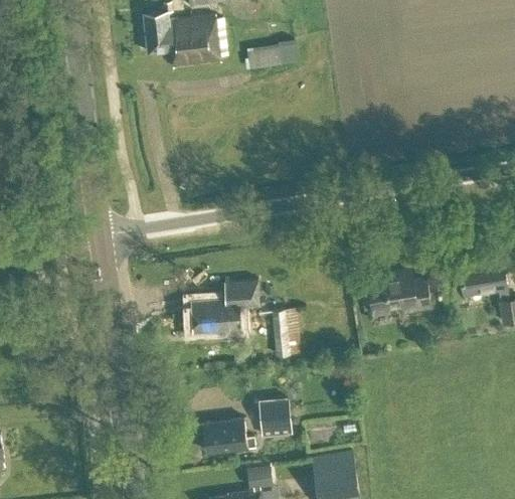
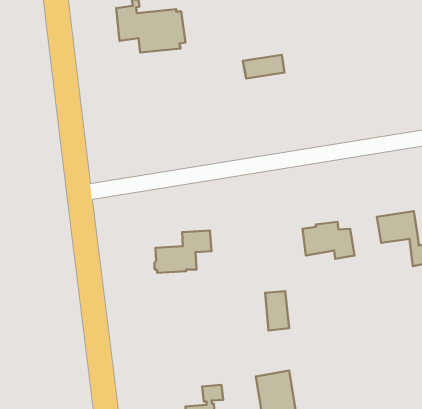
building: [246,39,297,67] -> [243,55,284,78]
building: [272,310,301,357] -> [265,291,289,331]
building: [259,399,292,437] -> none
building: [202,420,254,454] -> none

